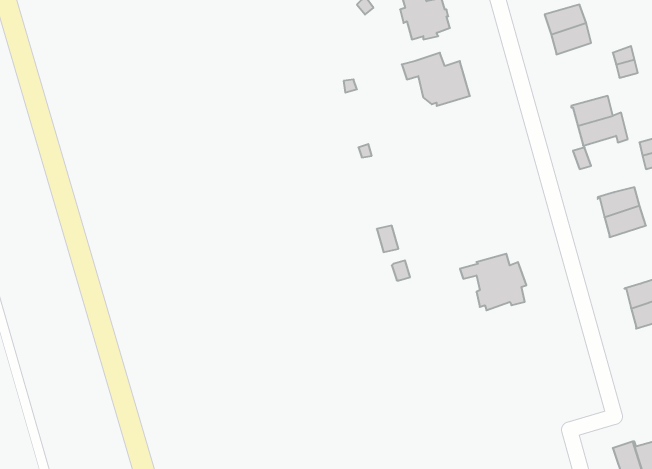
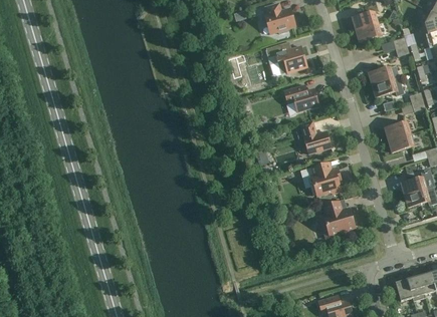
building: none -> [284,84,318,111]
building: none -> [294,120,332,153]
building: none -> [323,201,356,237]

